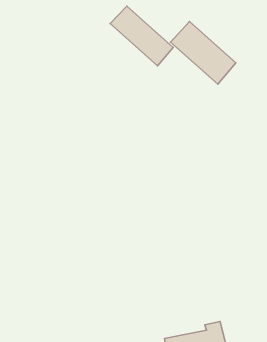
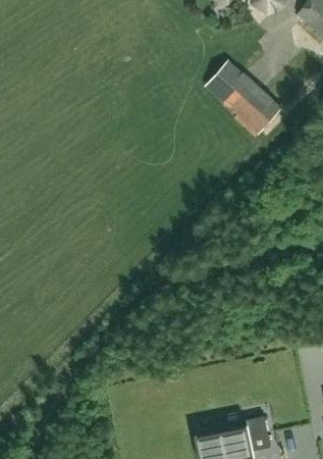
building: [110,6,173,66] -> none

